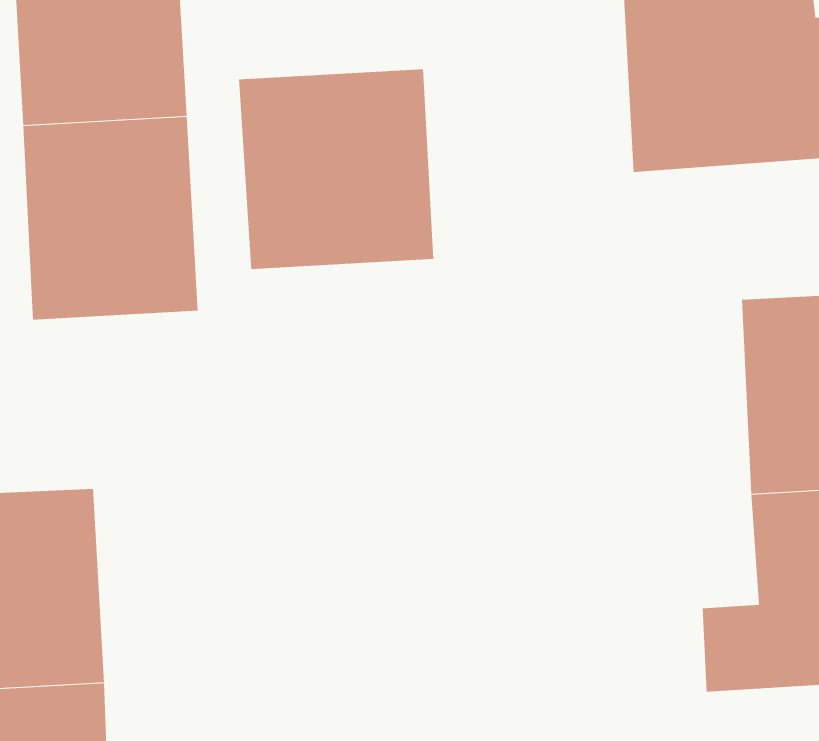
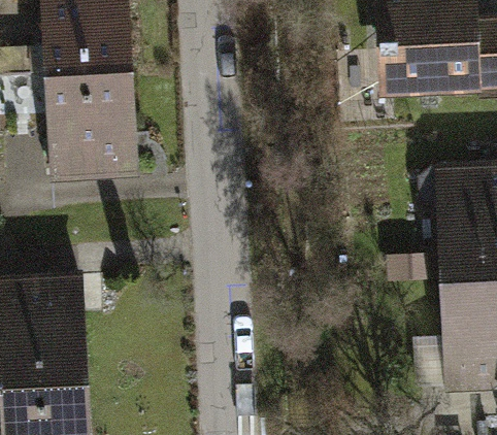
building: [238,68,434,270] -> none

